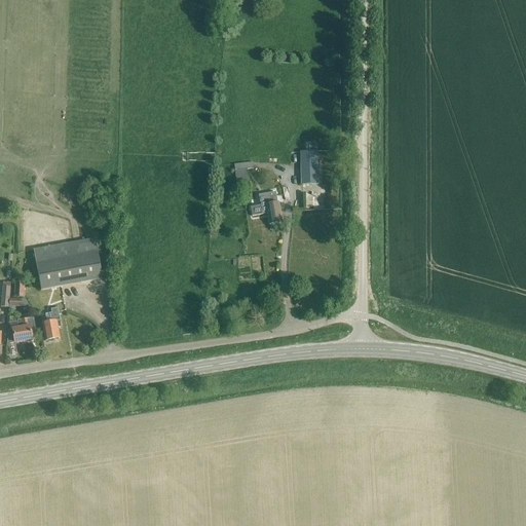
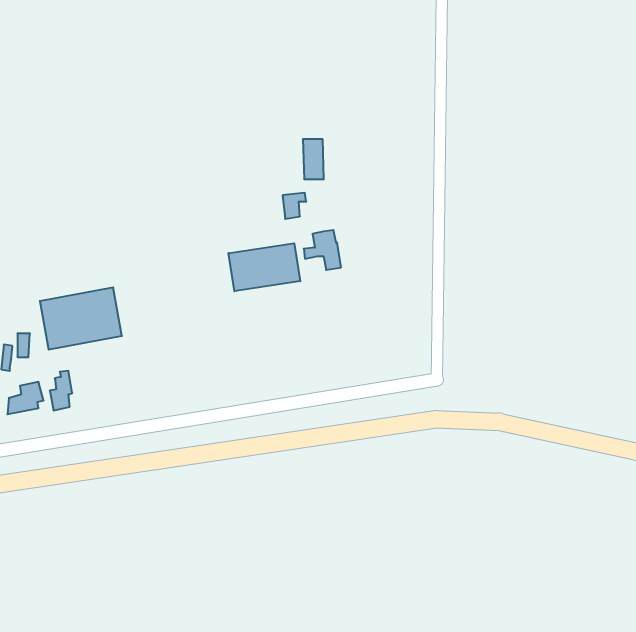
building: [300,149,317,182] -> [303,139,324,179]
building: none -> [228,243,300,291]

